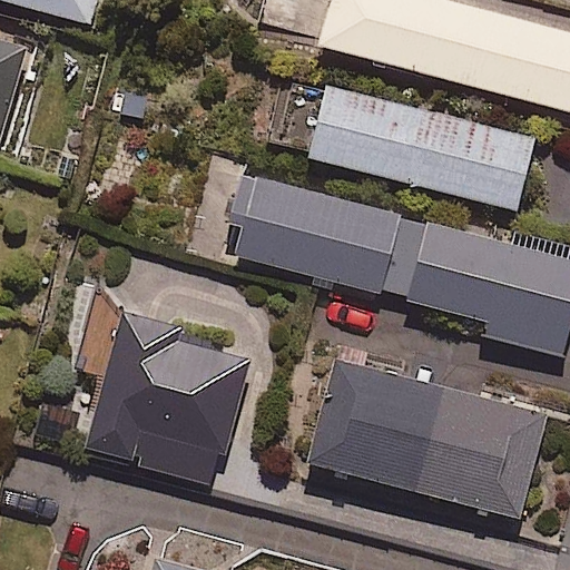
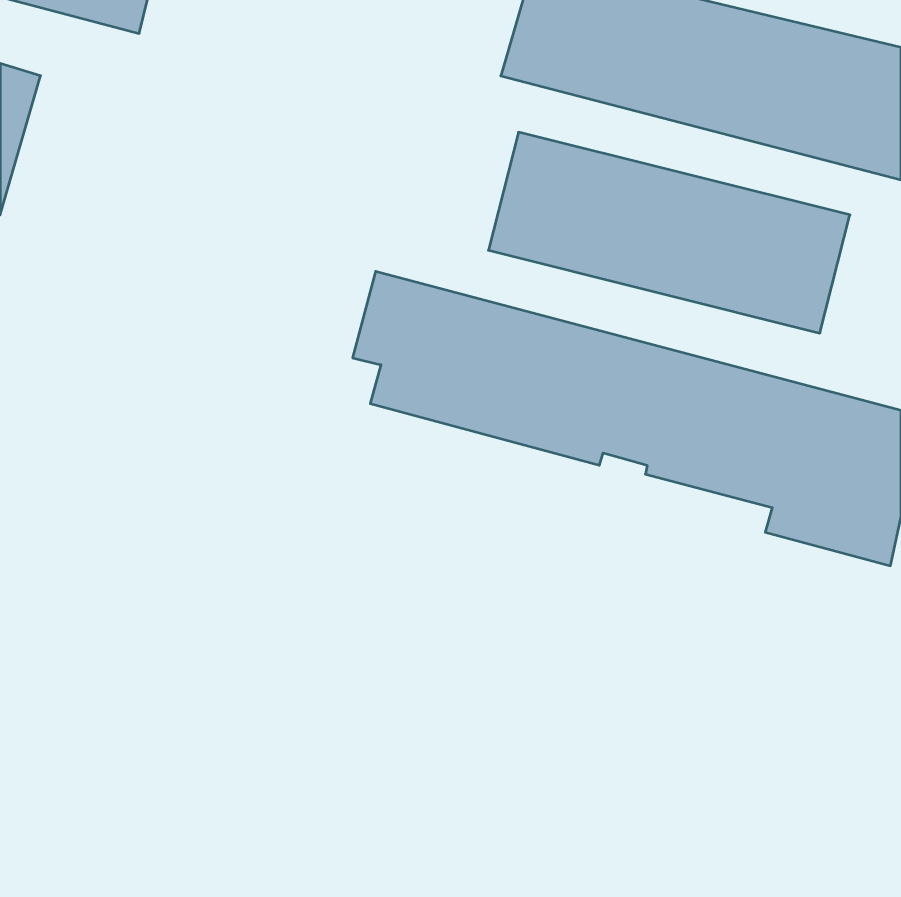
building: [88,313,252,456] -> none
building: [306,358,549,519] -> none

